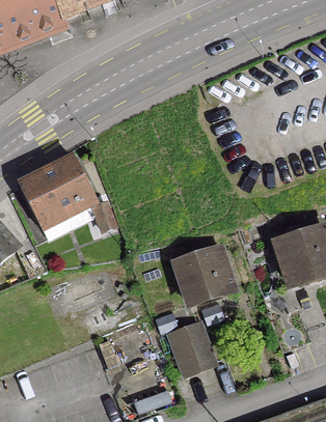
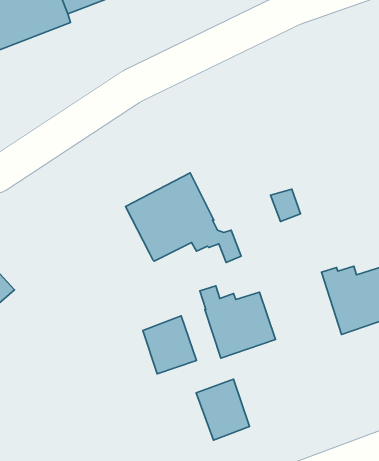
building: [20,158,116,232] -> [126,173,241,262]
building: none -> [143,316,197,374]

